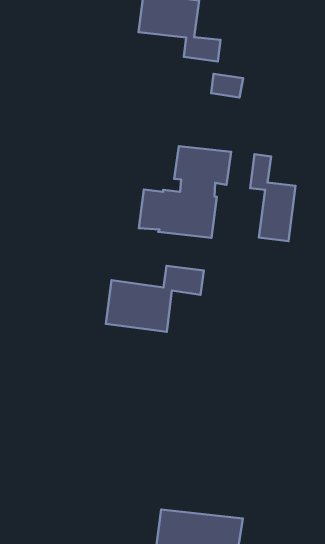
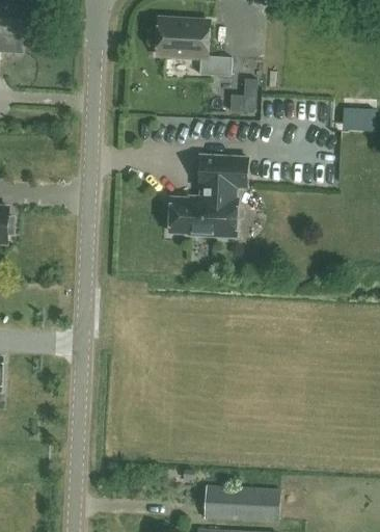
building: [250,154,296,241] -> none
building: [106,266,204,332] -> none

